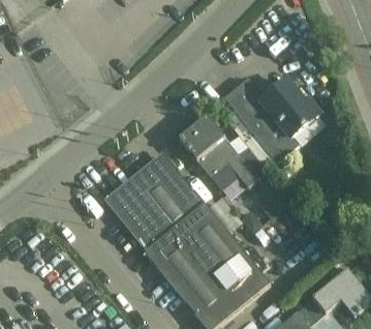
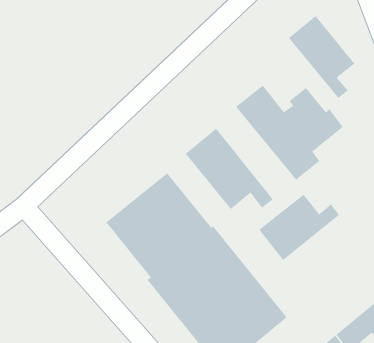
building: none -> [288,15,355,99]
building: none -> [258,194,340,261]

